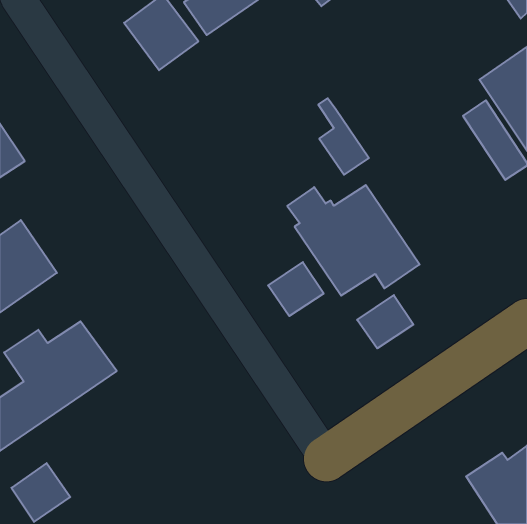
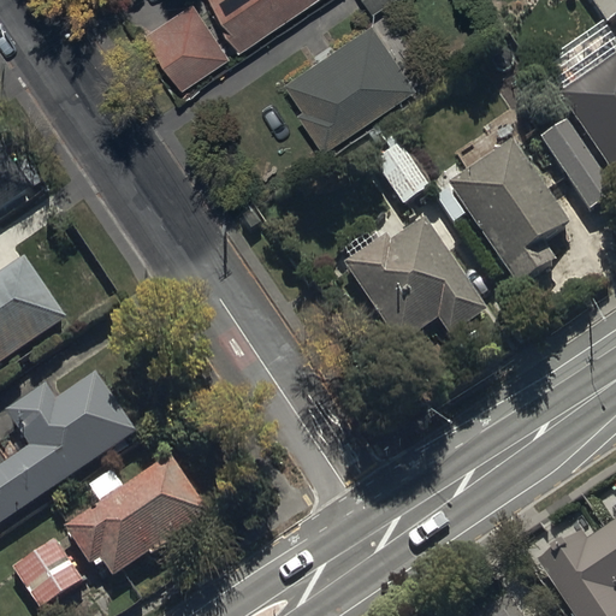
building: none -> [285,14,417,143]
building: none -> [438,140,569,285]
building: [268,262,324,316] -> none
building: [357,295,413,348] -> none
building: none -> [64,455,209,578]

